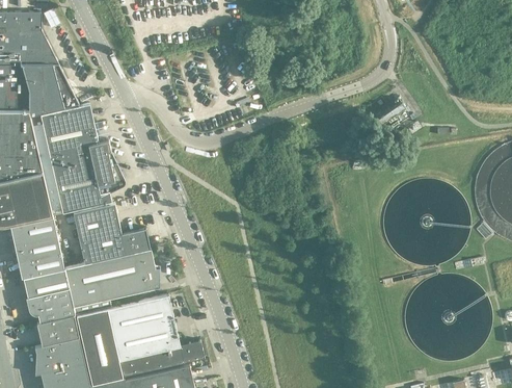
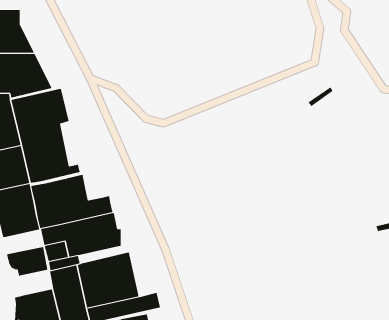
building: [87,140,124,195] -> none
building: [22,268,68,296] -> none
building: [35,315,78,345] -> none

